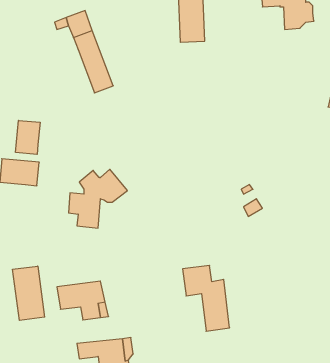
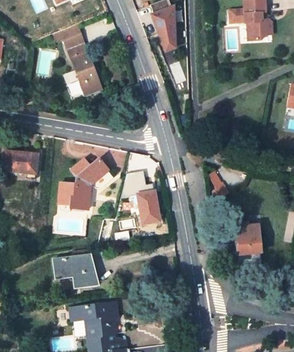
building: [16,120,40,154] -> none
building: none -> [235,222,261,254]
building: [183,265,230,331] -> [122,170,162,226]
building: [13,266,45,320] -> none

